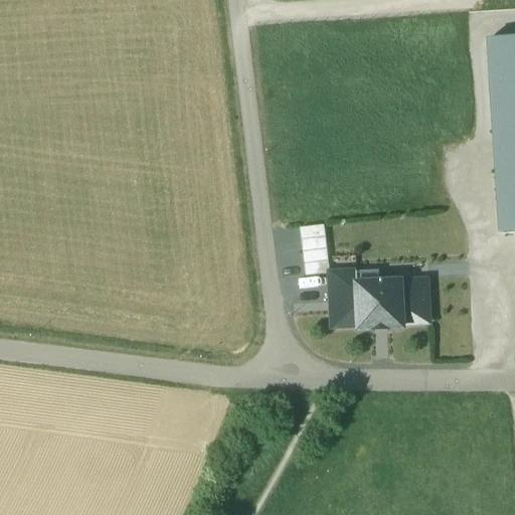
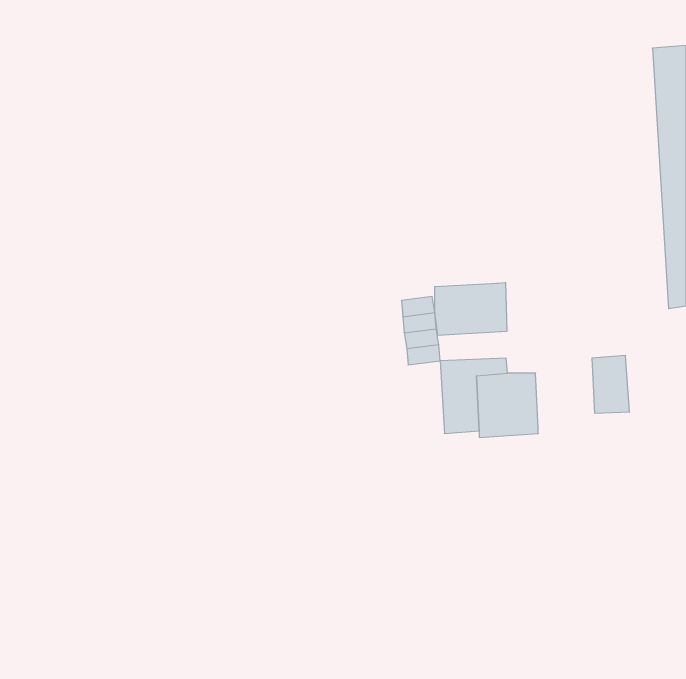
building: none -> [435,282,507,335]
building: [401,278,430,321] -> [592,356,630,413]

